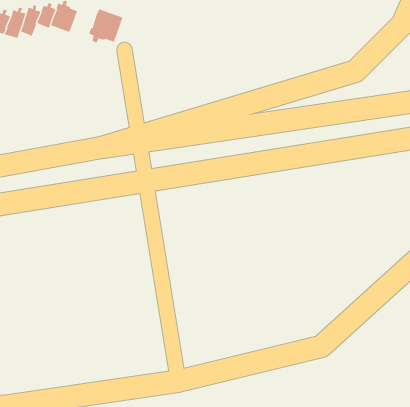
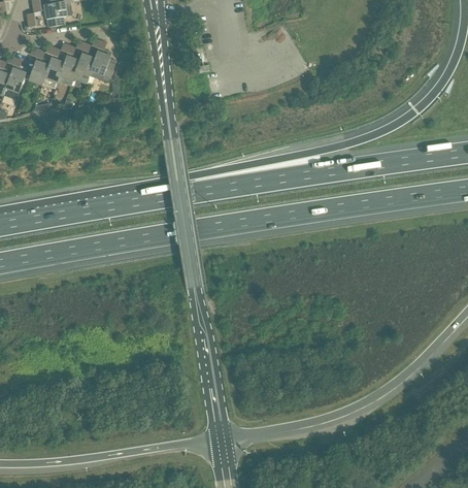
building: [88,8,123,44] -> none

